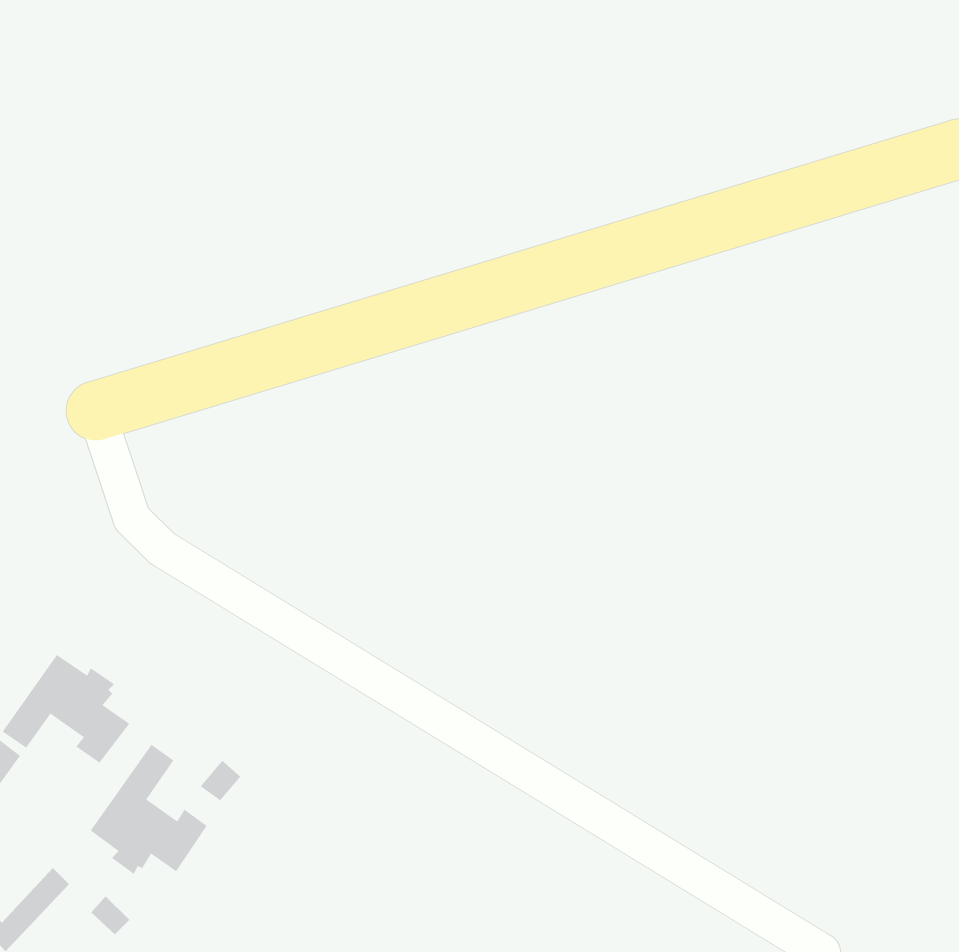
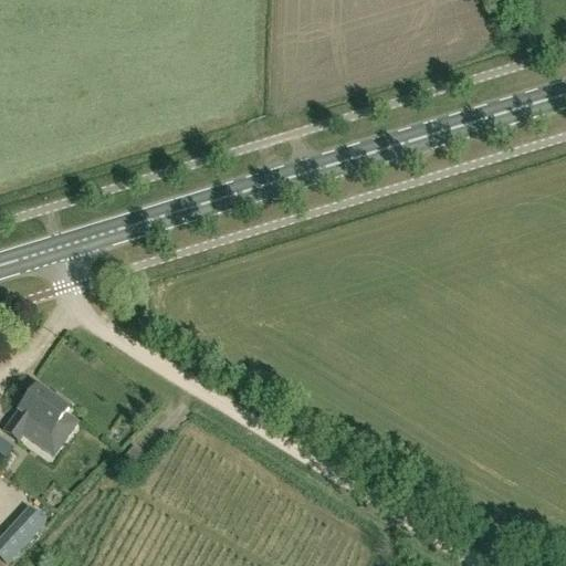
building: [90,744,207,875] -> none

